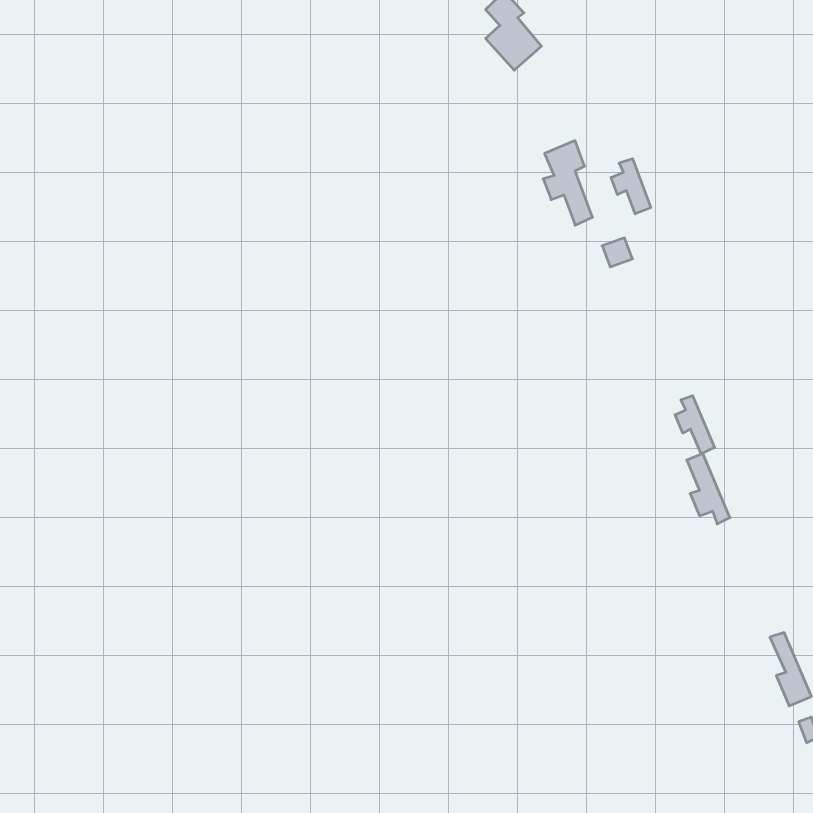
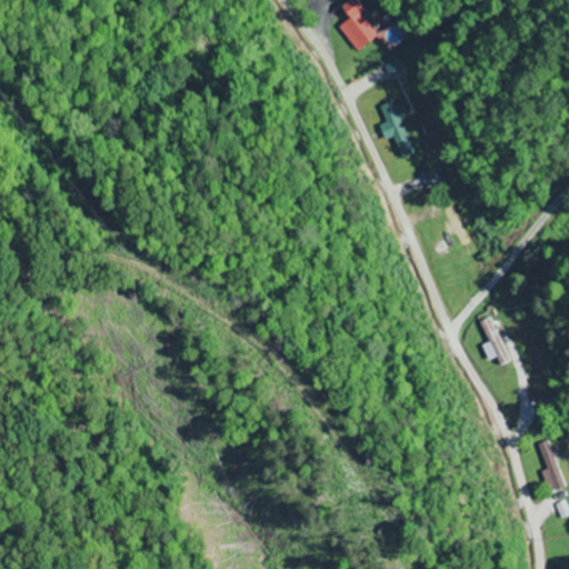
building: [611,159,651,214] -> none
building: [675,396,715,454] -> none

